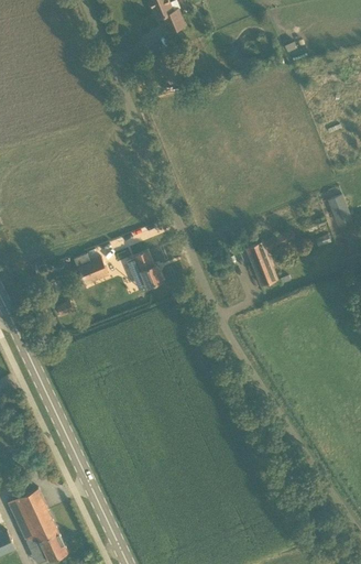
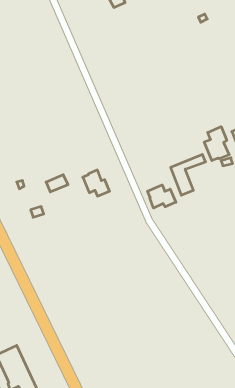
building: none -> [204,127,229,161]
building: none -> [148,185,176,208]

